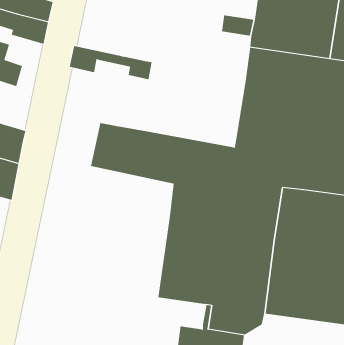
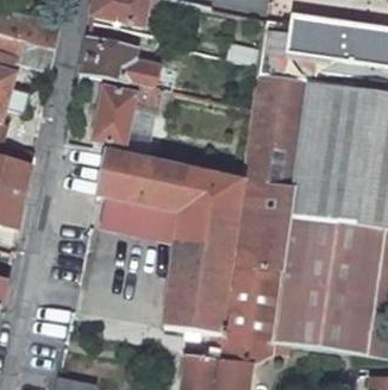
building: none -> [80,42,157,88]
building: none -> [93,87,155,158]
building: none -> [90,194,180,244]

